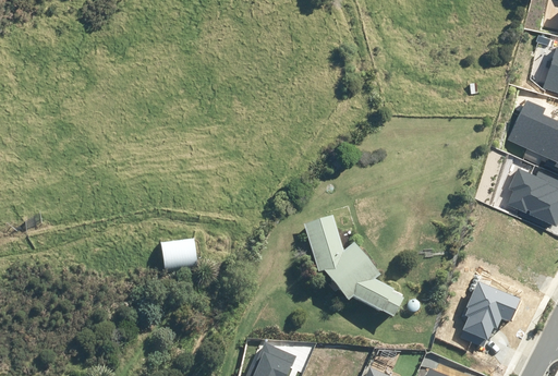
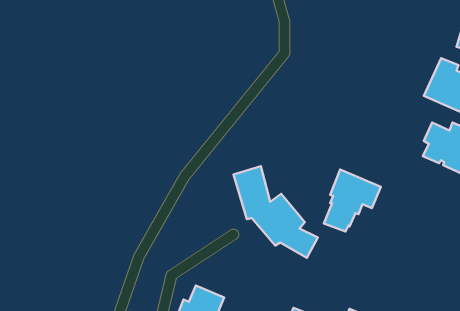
building: [160,236,197,272] -> none
building: [459,279,520,345] -> [324,169,381,232]

